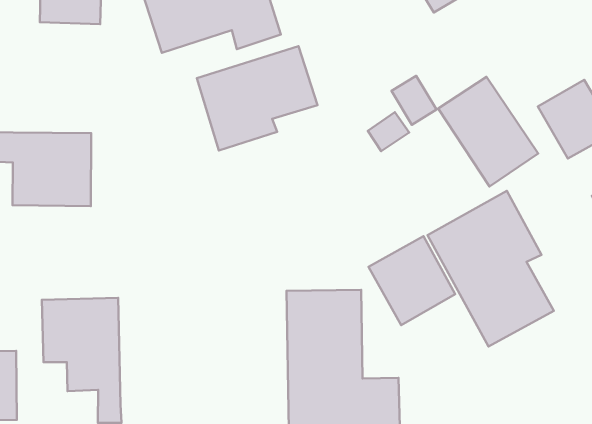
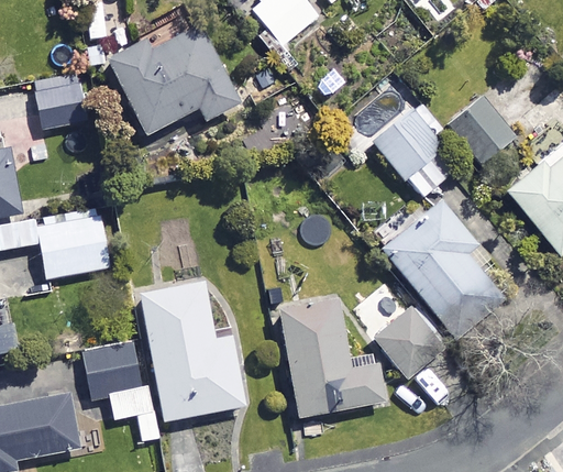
building: [197,46,317,151] -> none
building: [369,236,455,325] -> [374,306,446,380]
building: none -> [136,281,246,421]

